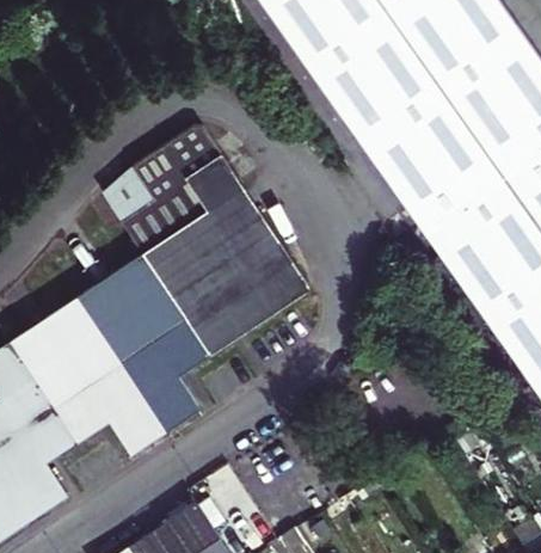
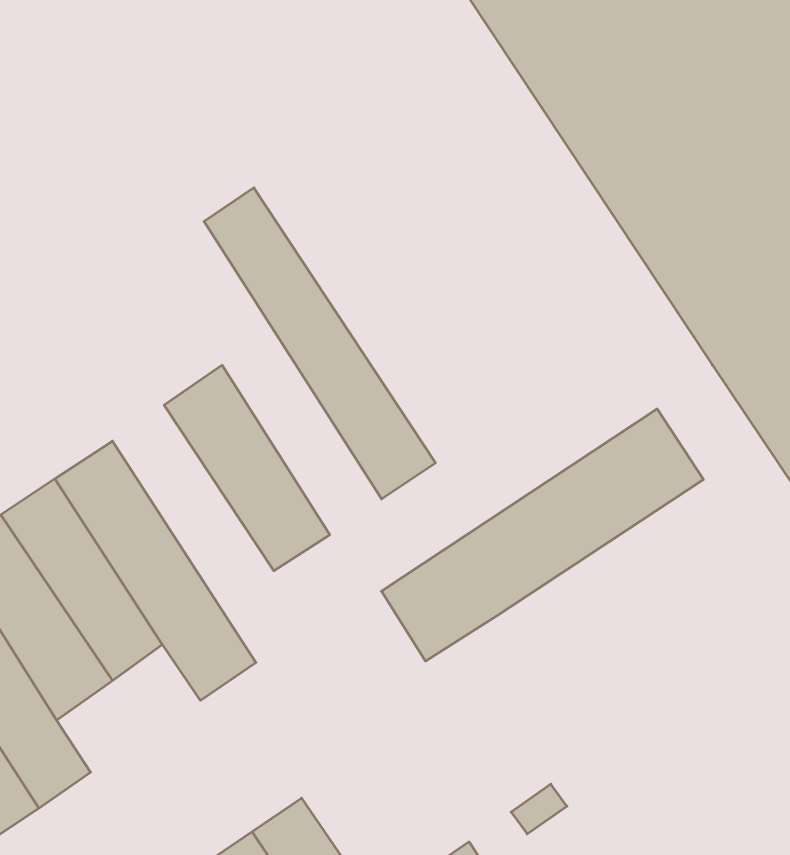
building: [167,131,305,307] -> none
building: [109,162,244,350] -> none
building: [82,272,201,426] -> none
building: none -> [381,409,703,661]

